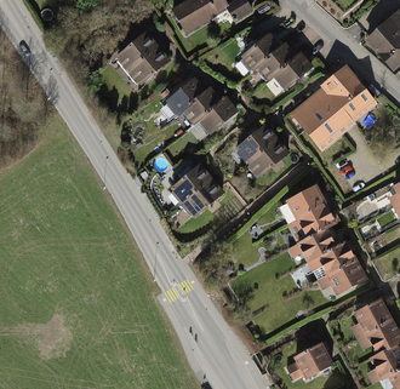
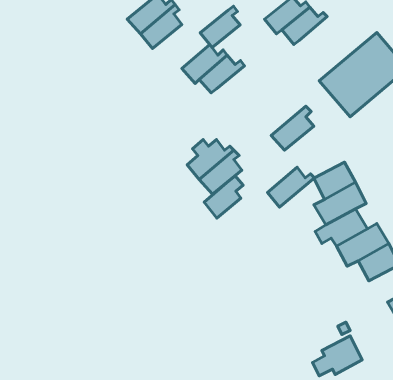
building: [274,50,310,88] -> none
building: [199,95,235,132] -> [200,6,240,47]
building: [238,125,280,161] -> [268,167,314,207]
building: none -> [204,176,243,218]

